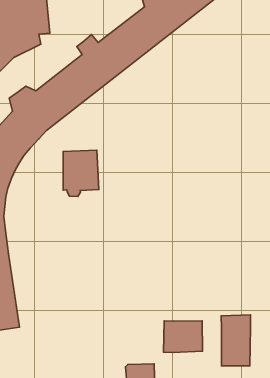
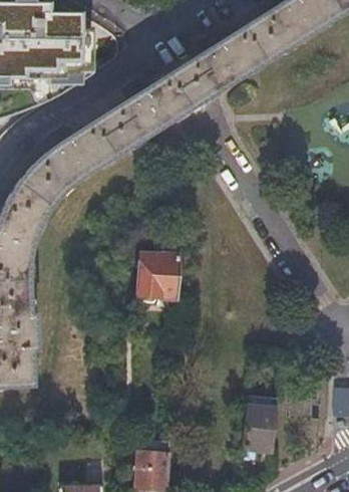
building: [63,150,99,196] -> [137,253,178,302]
building: [164,321,203,352] -> none

